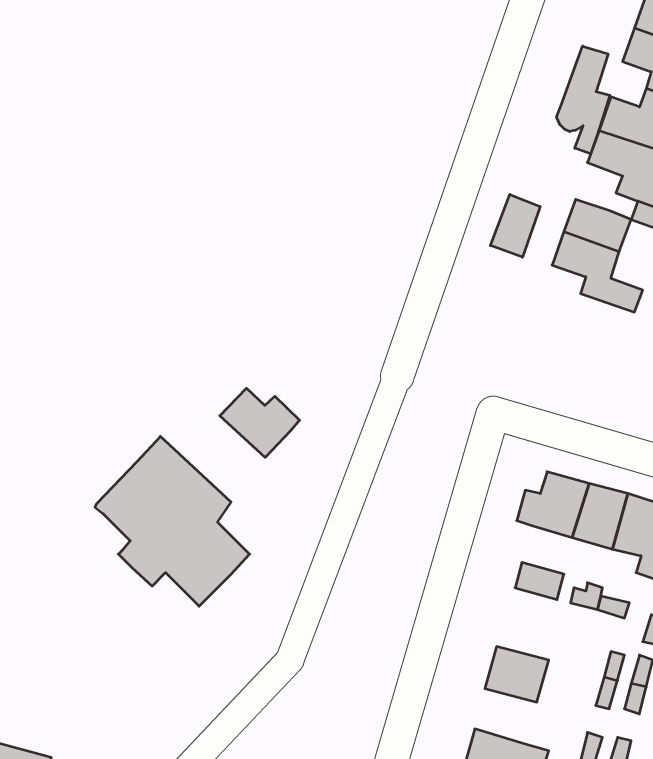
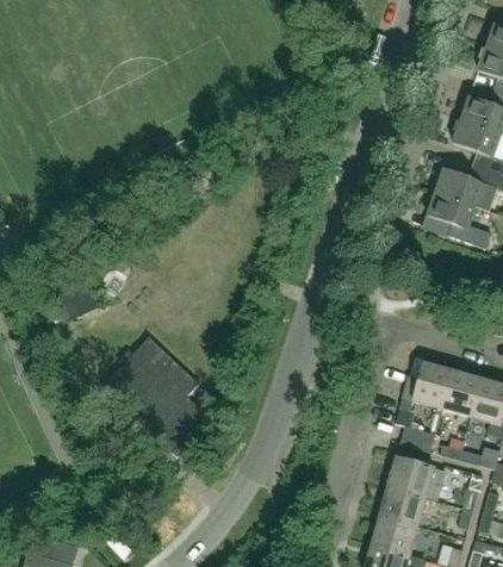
building: [557,46,610,154] -> none
building: [490,194,540,257] -> none
building: [220,388,300,457] -> none
building: none -> [387,456,433,494]
building: none -> [372,515,416,554]

